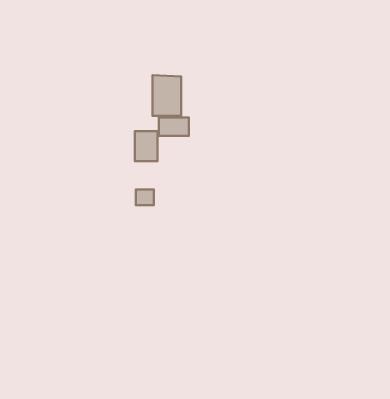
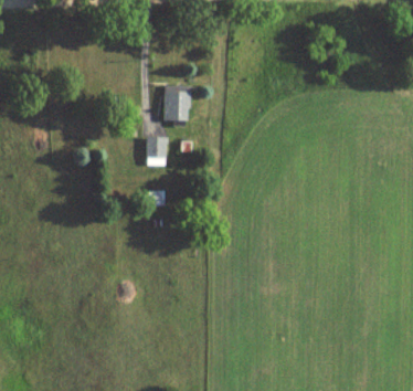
building: [159,118,189,136] -> none

